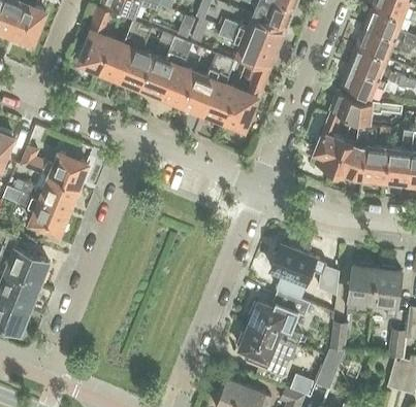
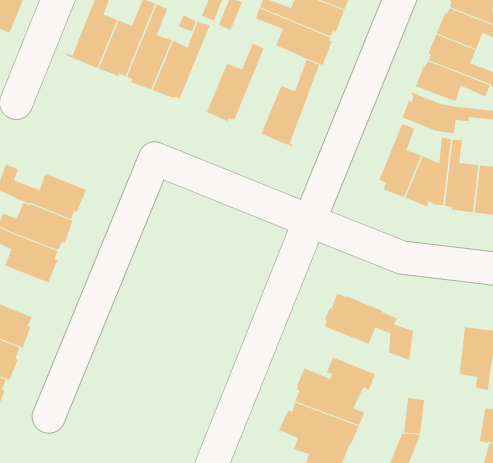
building: [161,40,196,106] -> none
building: [202,58,237,123] -> none
building: [347,266,377,312] -> none

